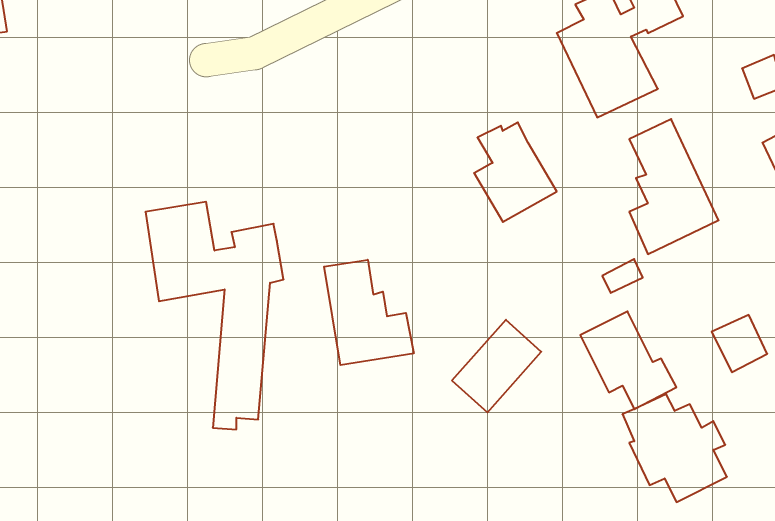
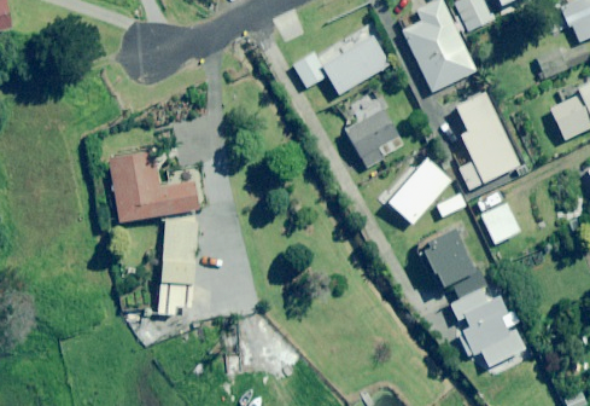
building: none -> [293,36,389,93]
building: [324,260,414,365] -> none
building: [712,315,767,372] -> [480,203,520,244]
building: [452,320,541,412] -> [386,157,450,224]

